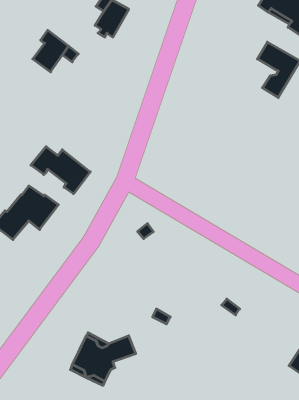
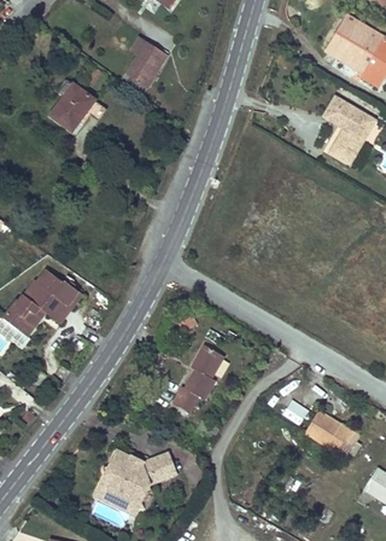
building: [31,147,90,194] -> none
building: none -> [172,344,224,412]
building: none -> [305,409,359,458]

